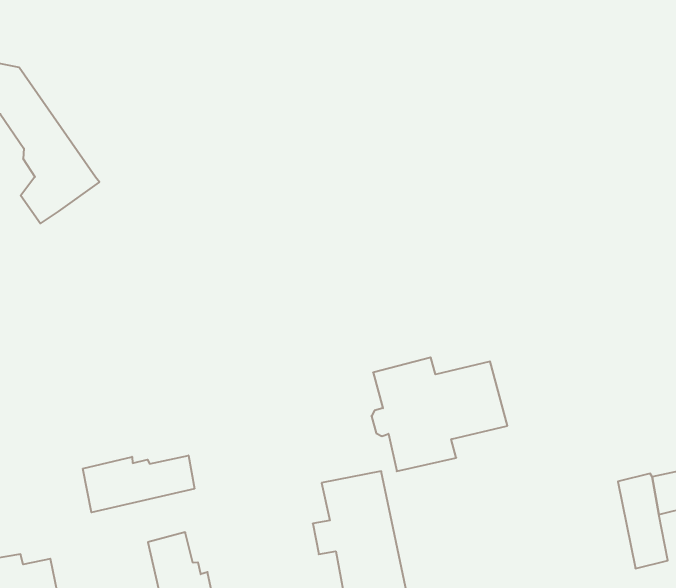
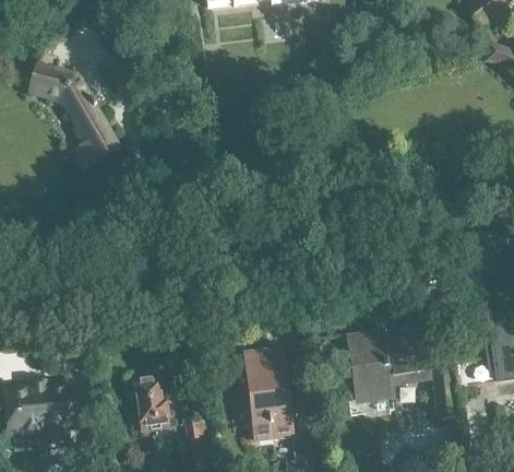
building: [371,357,507,471] -> [343,330,428,400]
building: [83,455,194,512] -> none

